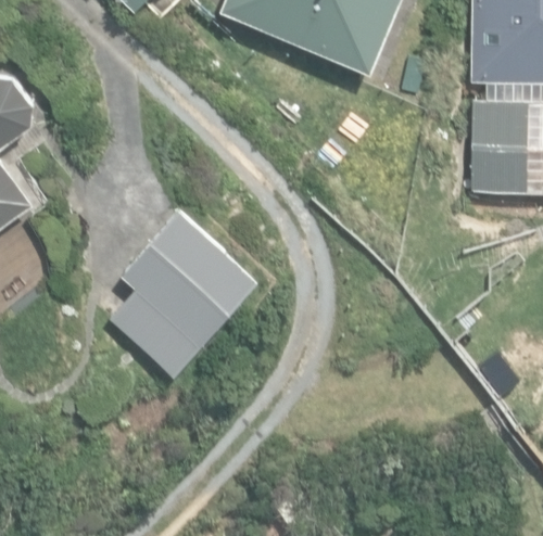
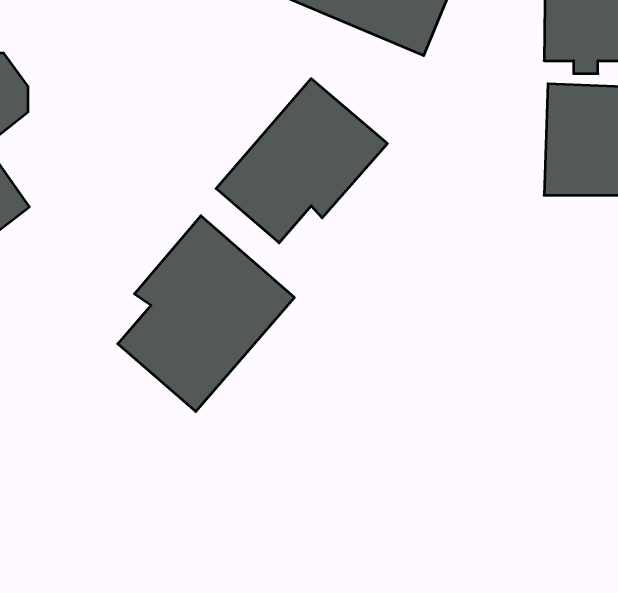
building: none -> [216,79,387,243]

